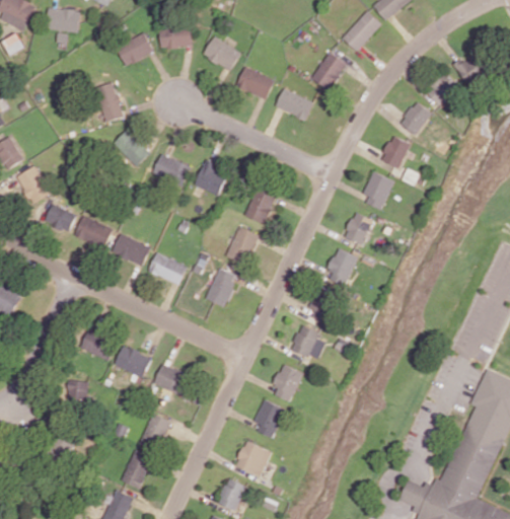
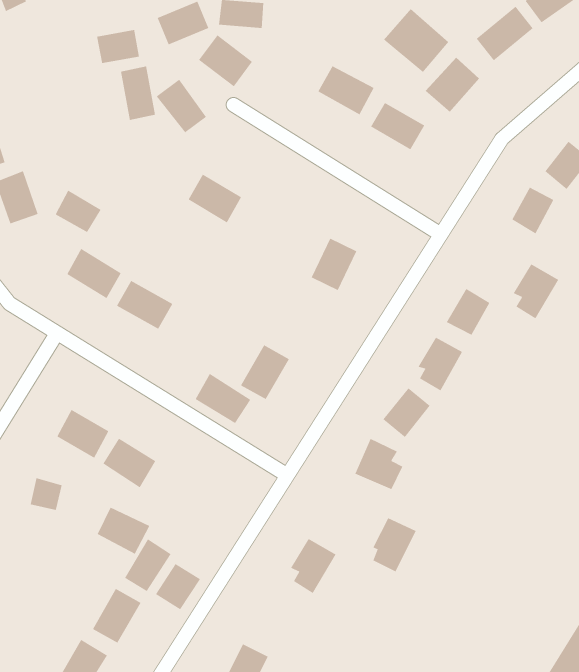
building: none -> [383,8,449,73]
building: [203,35,241,71] -> [198,35,253,87]
building: none -> [97,29,139,64]
building: [113,129,150,166] -> [156,79,207,133]
building: [194,161,229,196] -> none
building: [363,171,394,210] -> [513,263,559,319]
building: [45,204,77,232] -> [55,190,102,233]
building: [225,226,259,265] -> none
building: [148,251,188,285] -> [195,373,251,424]
building: [154,364,191,395] -> [97,507,150,555]
building: [274,364,303,401] -> [373,517,417,572]
building: none -> [155,563,201,610]
building: [235,440,272,476] -> none

